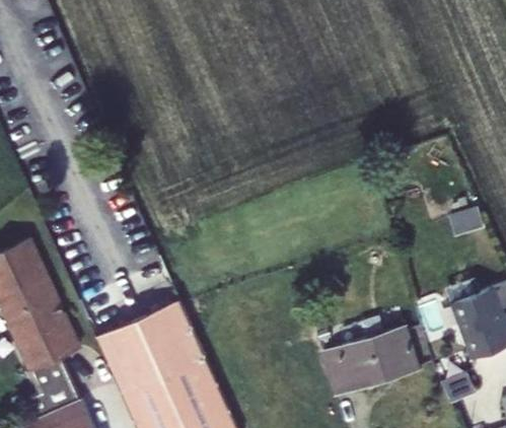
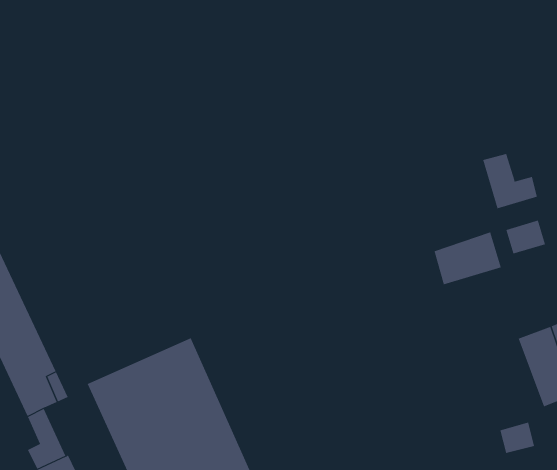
building: none -> [483,153,537,209]
building: none -> [434,231,501,285]
building: [326,328,420,396] -> none

